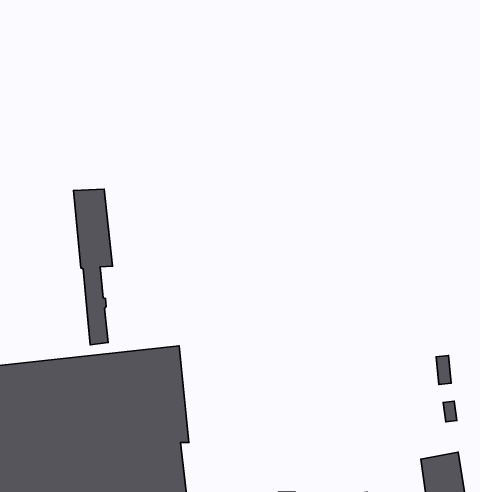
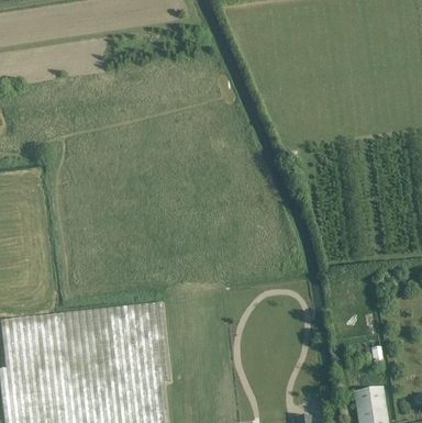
building: [73,189,112,345] -> none

